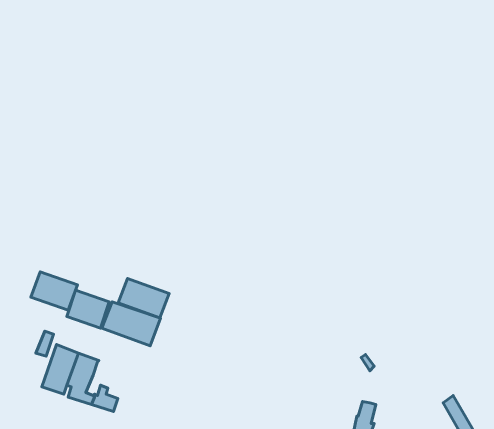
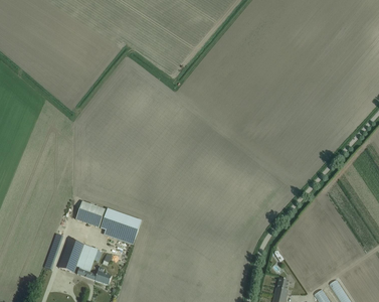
building: [31,272,77,310] -> none
building: [118,278,169,318] -> none

